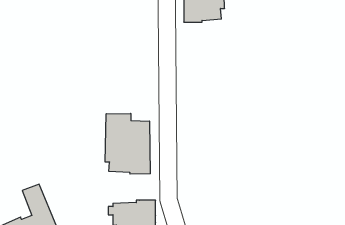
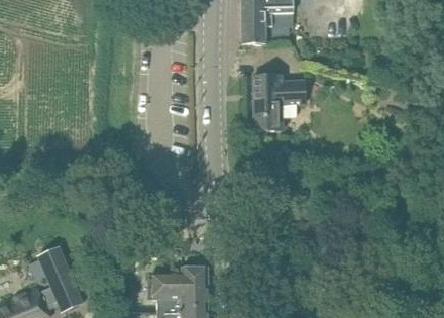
building: none -> [252,75,304,130]
building: [105,113,150,174] -> none

